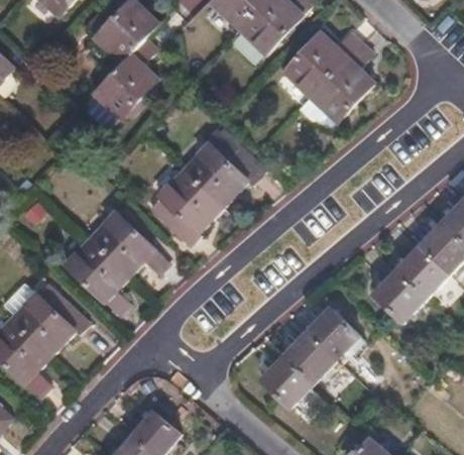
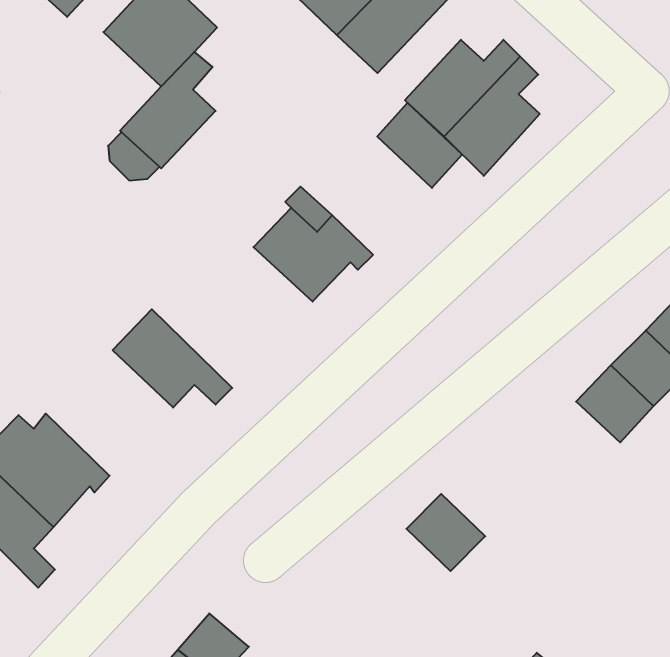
building: none -> [377,103,462,188]
building: [148,169,222,248] -> none
building: [65,238,131,315] -> none
building: [375,272,427,323] -> none
building: [308,309,360,362] -> none
building: [262,357,314,409] -> none

